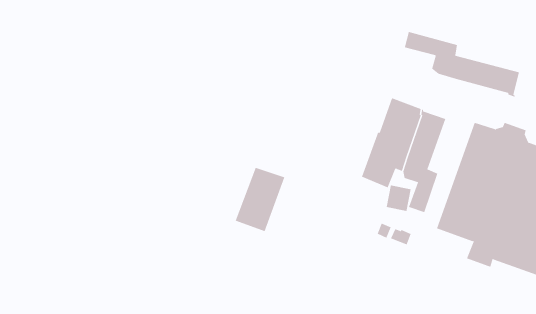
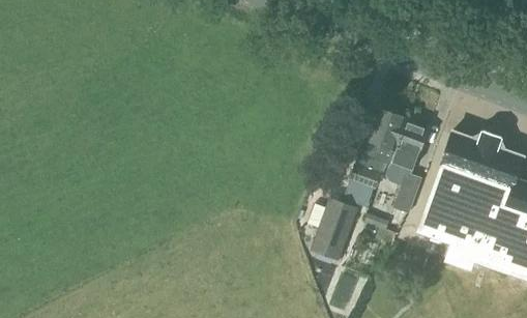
building: [404,31,519,98] -> none
building: [235,167,285,232] -> [312,200,358,260]

